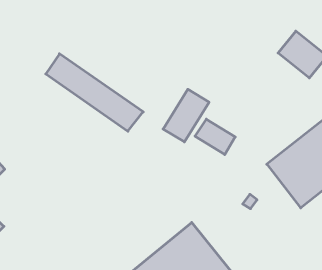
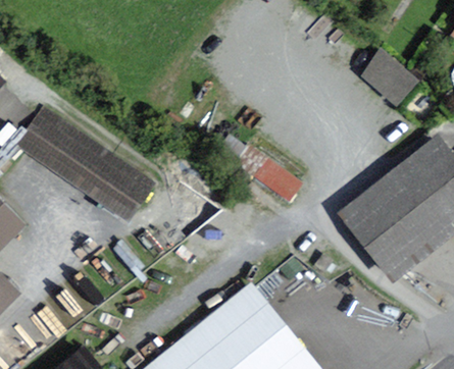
building: [46,54,143,131] -> [27,113,150,211]
building: [163,89,209,142] -> none

